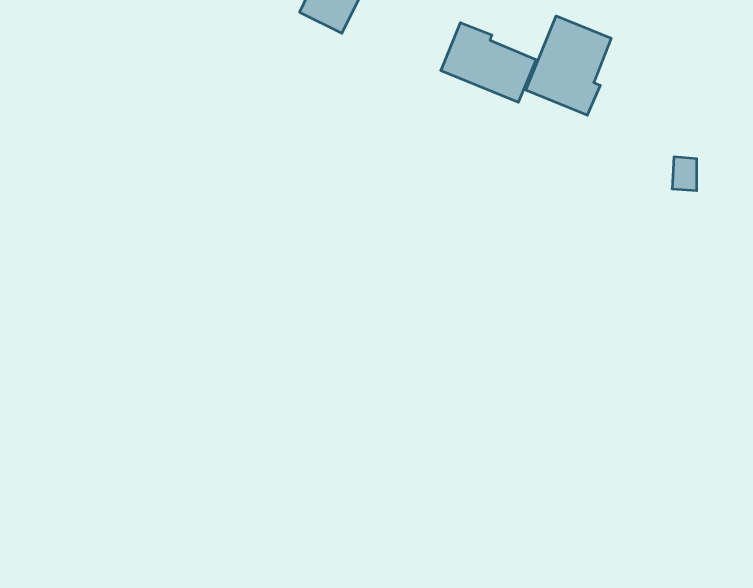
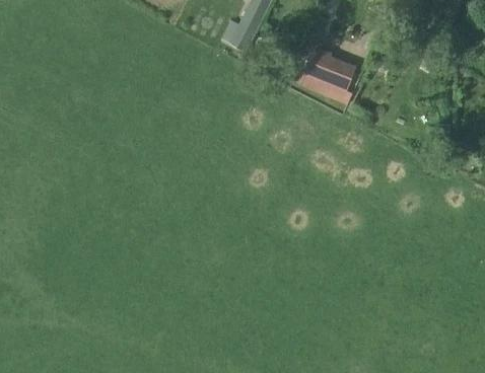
building: [526,16,611,115] -> none

